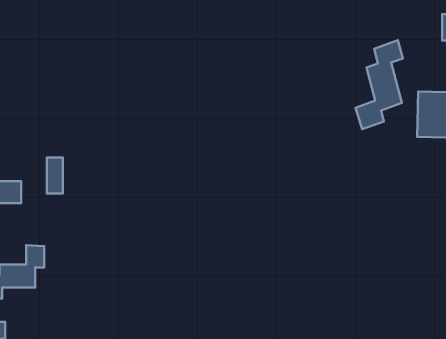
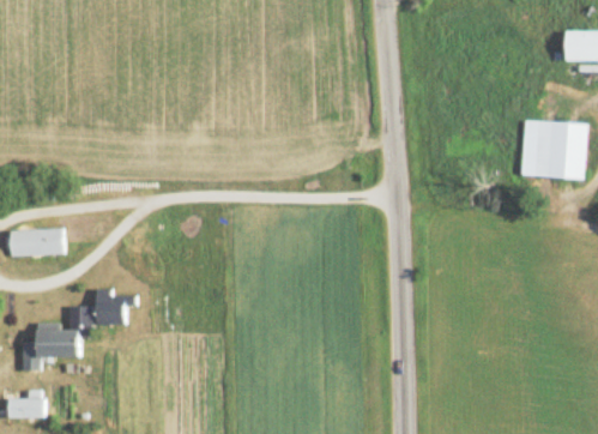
building: [355,40,403,129] -> none
building: [47,157,63,194] -> [98,284,117,327]

